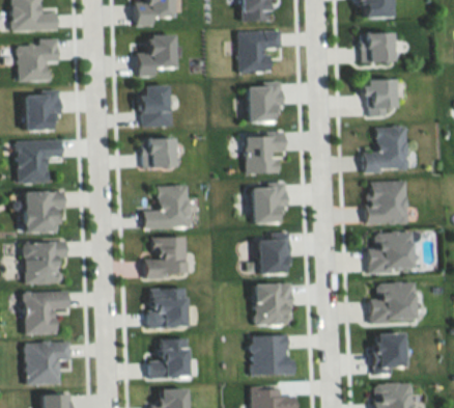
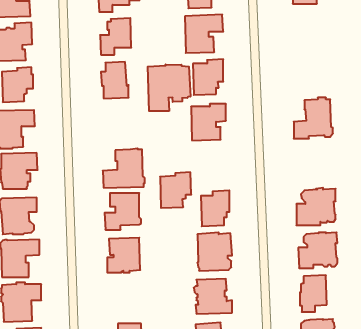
building: [360,30,393,62] -> none
building: [361,78,395,117] -> none
building: none -> [148,64,190,111]
building: [142,136,175,167] -> none
building: [365,181,408,224] -> none
building: [250,182,286,223] -> [160,172,191,208]
building: [148,337,189,379] -> none

